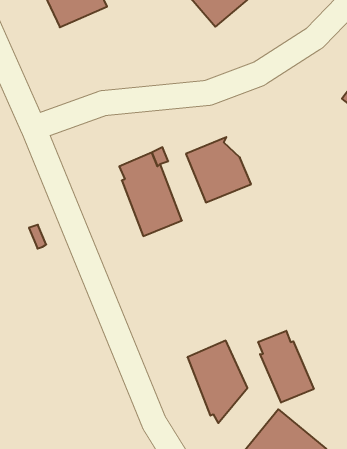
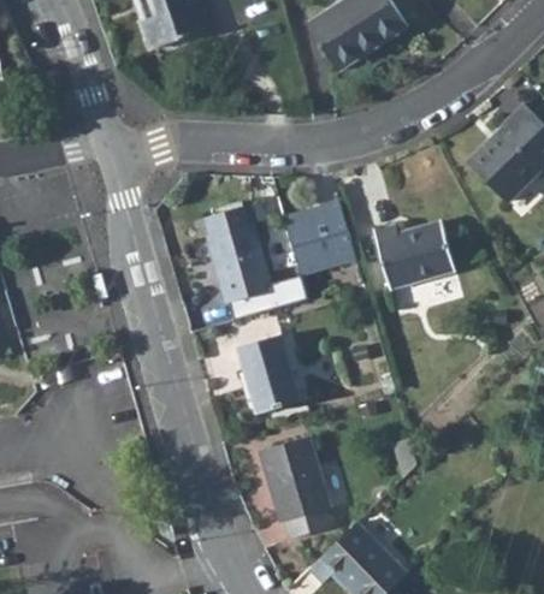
building: none -> [377,224,459,287]
building: none -> [237,335,297,414]
building: [258,331,314,403] -> none

